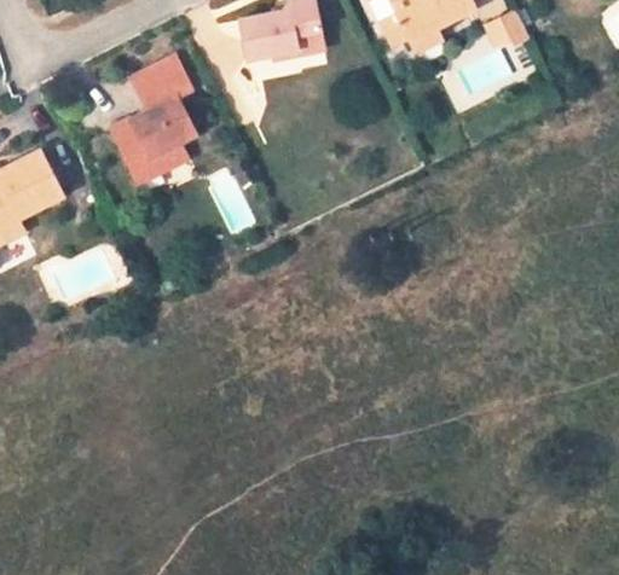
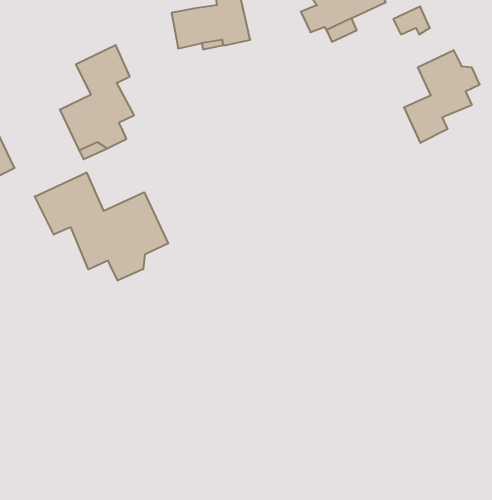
building: none -> [404,50,480,143]
building: none -> [35,172,168,281]

